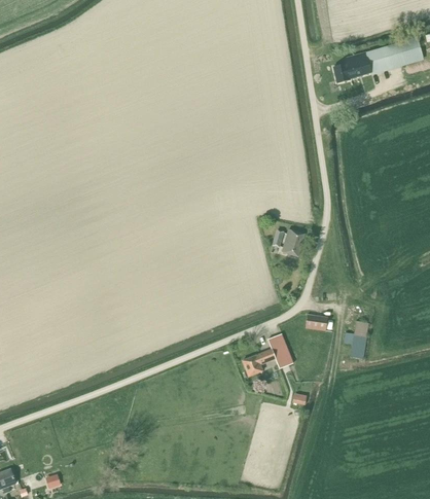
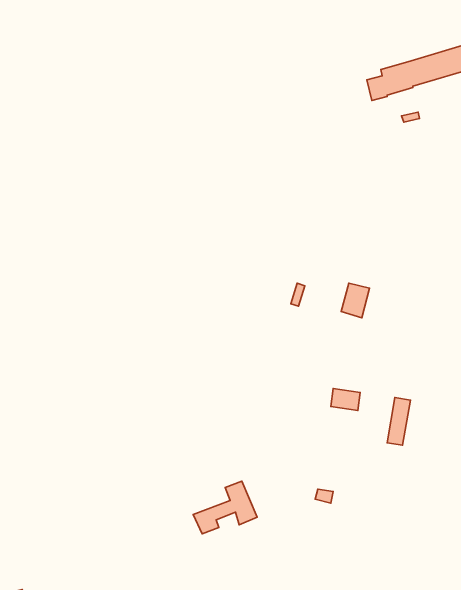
building: [282,229,304,257] -> [341,283,369,318]
building: [242,334,293,377] -> [193,481,257,534]

